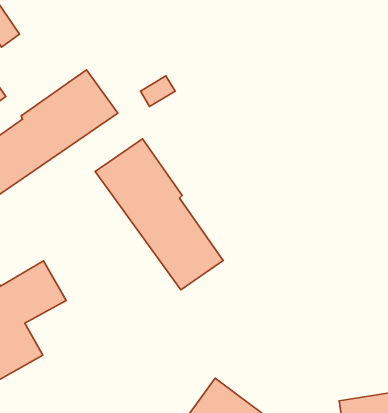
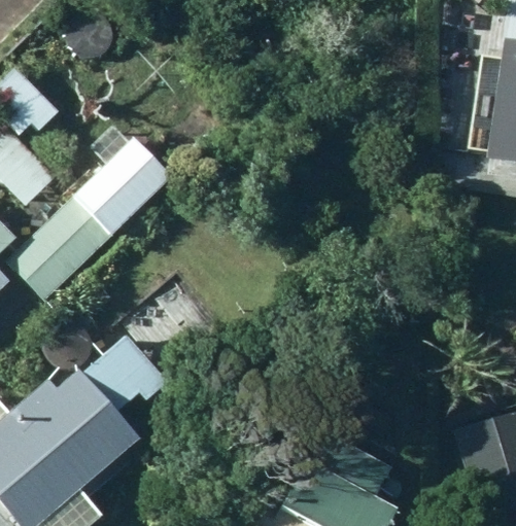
building: [95,139,223,290] -> none

